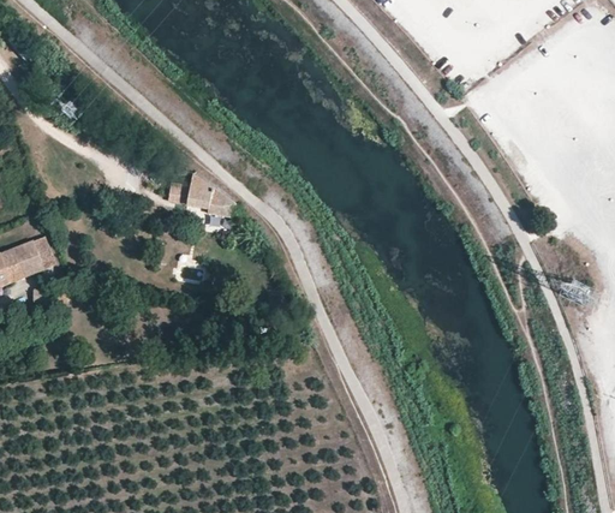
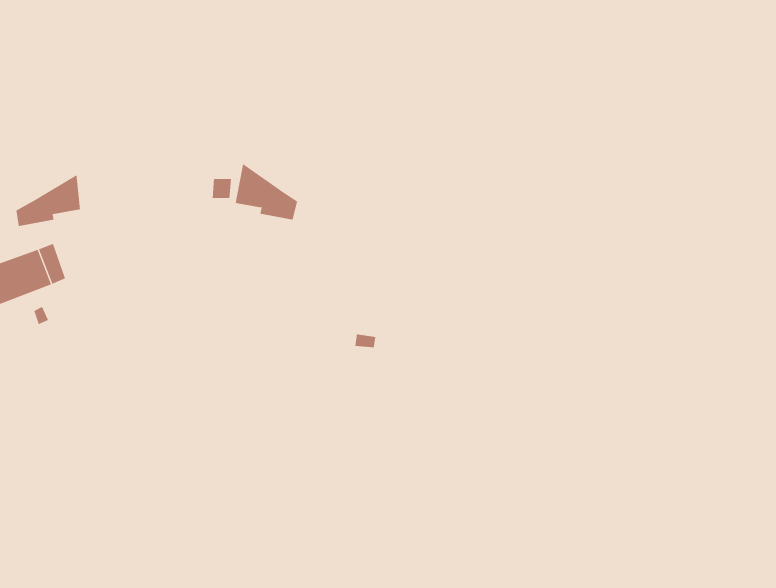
building: none -> [16,174,81,227]

